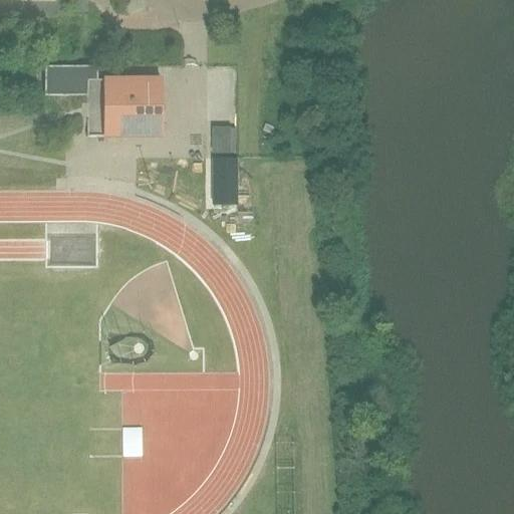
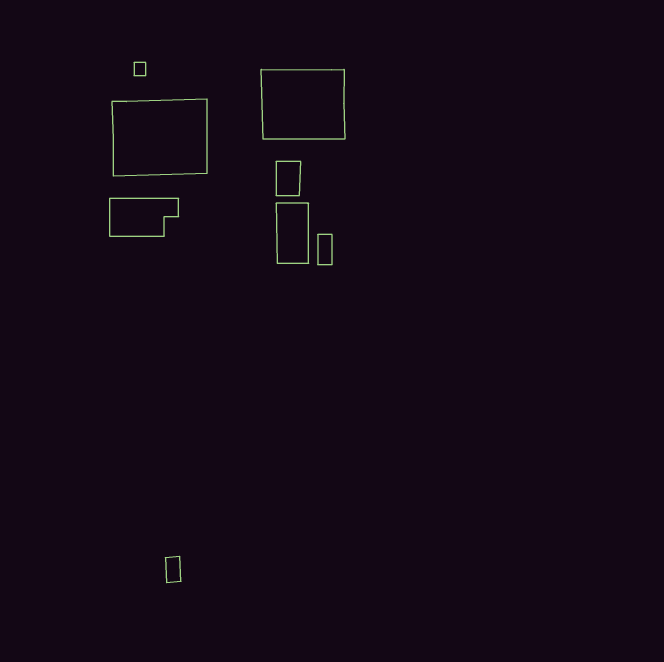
building: none -> [261,69,345,139]
building: [45,64,98,93] -> [110,198,179,236]

